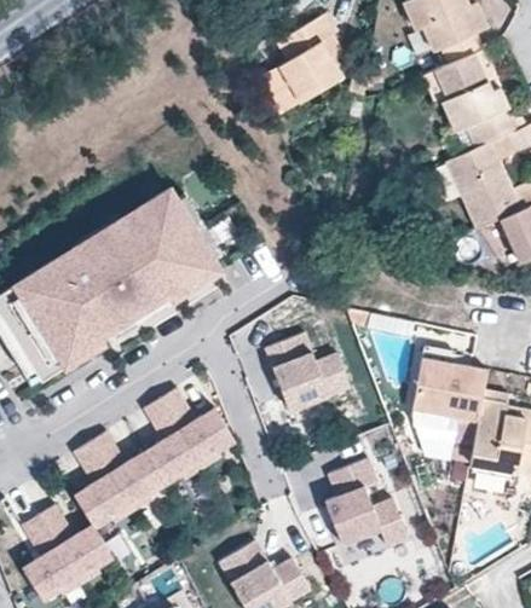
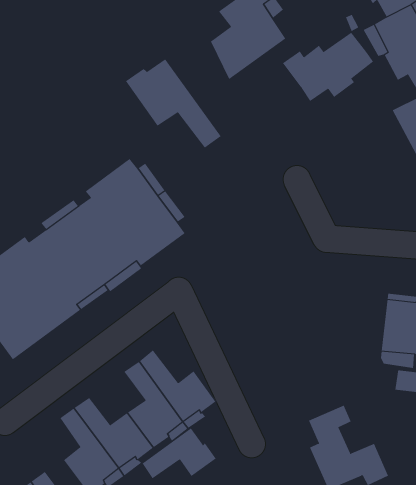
building: none -> [282,32,374,102]
building: none -> [125,59,221,149]
building: [264,334,348,410] -> none
building: none -> [142,428,216,479]

